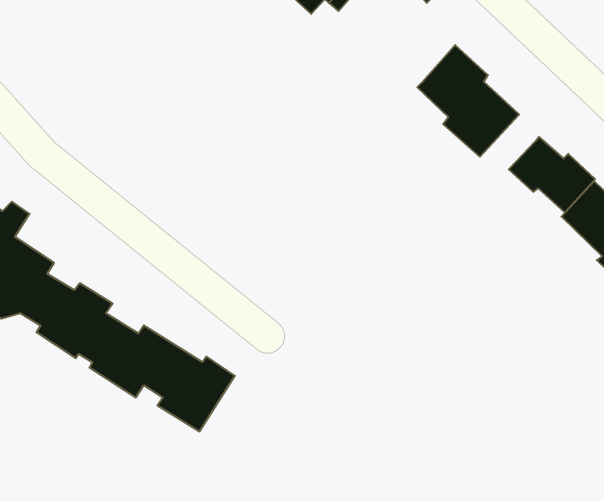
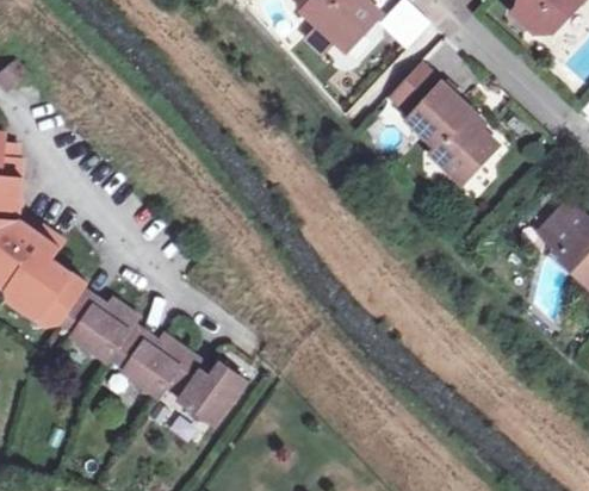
building: none -> [390,70,439,120]
building: [509,137,595,213] -> none

